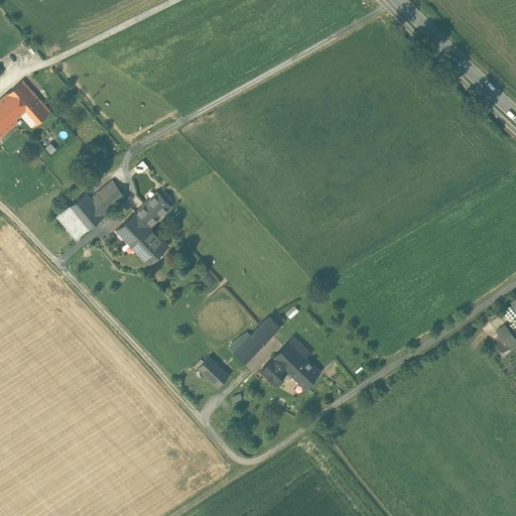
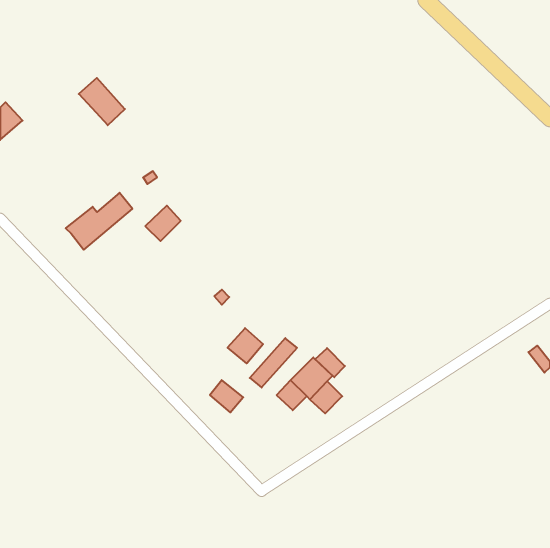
building: [5,83,48,127] -> [79,78,125,125]
building: [118,214,167,264] -> none
building: none -> [228,328,263,363]
building: none -> [315,348,345,377]

